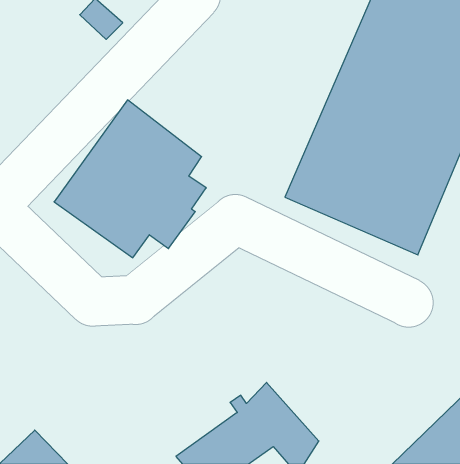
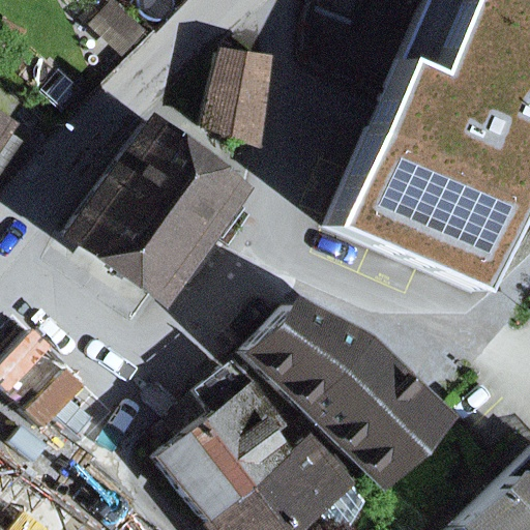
building: none -> [208,49,269,140]
building: none -> [244,300,441,478]
building: none -> [157,363,282,516]

